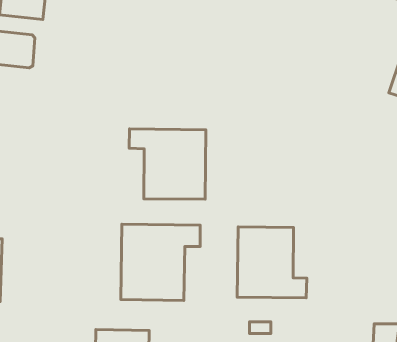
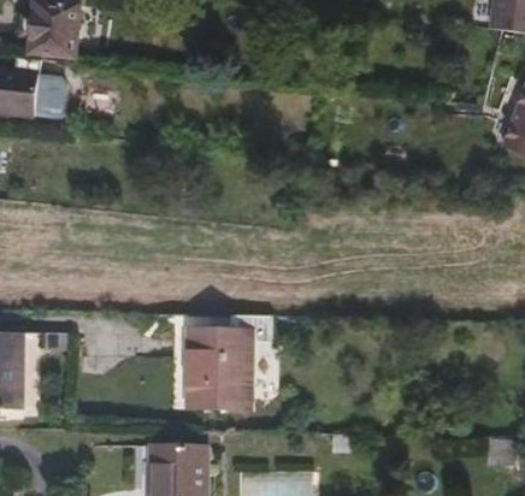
building: [129,129,206,199] -> none
building: [237,227,307,298] -> none

